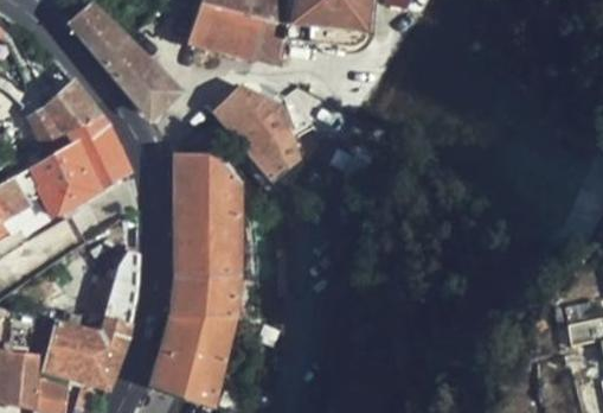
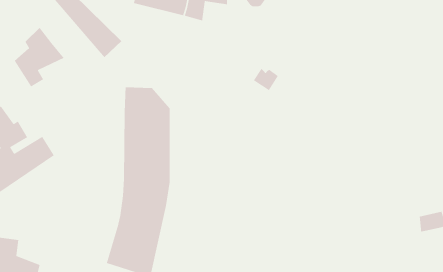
building: [217,87,296,178] -> none
building: [32,114,128,217] -> none
building: [43,250,137,387] -> none

